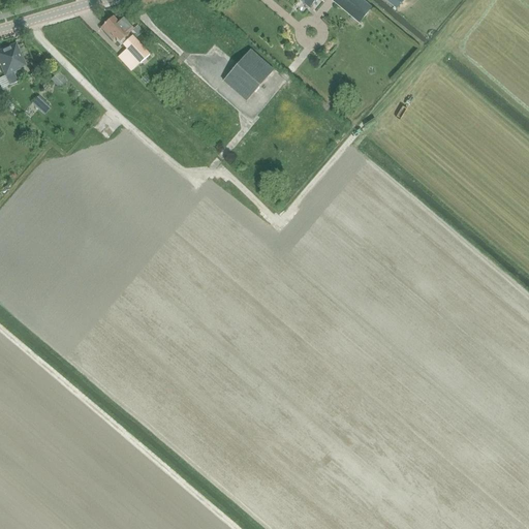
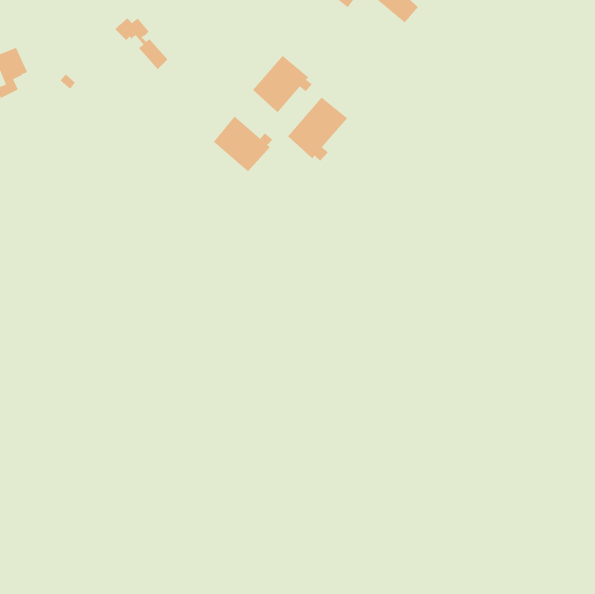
building: none -> [287,96,348,162]
building: none -> [213,115,273,172]

